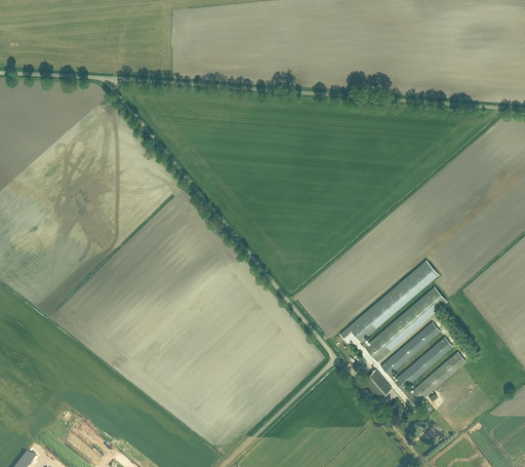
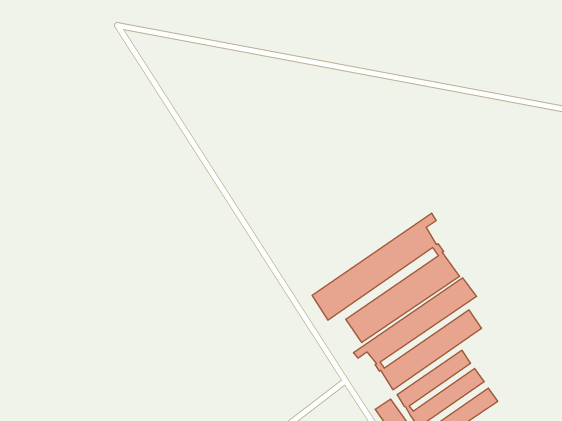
building: none -> [312,213,460,343]

